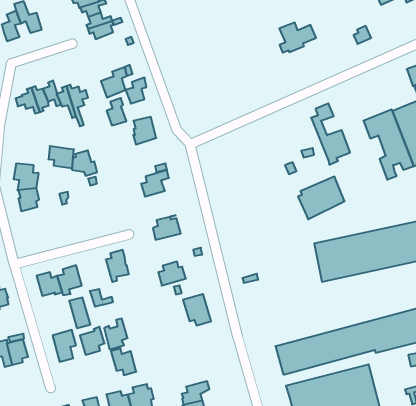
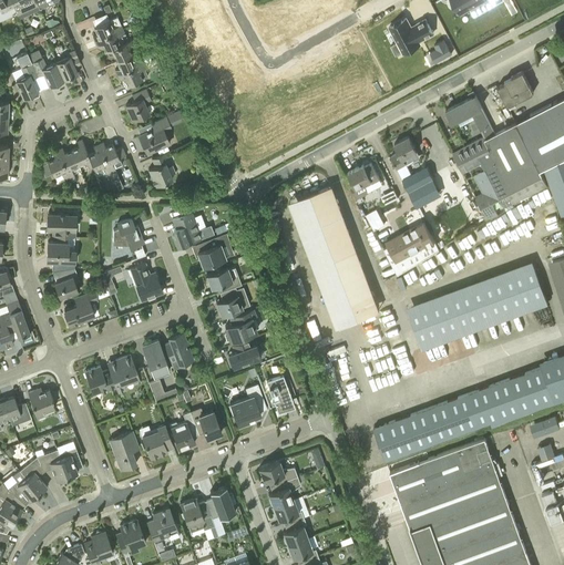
building: none -> [55,51,81,82]
building: [279,23,316,53] -> [389,20,433,56]
building: none -> [447,96,495,140]
building: [125,78,146,104] -> [125,90,150,122]
building: [133,117,156,145] -> [172,214,201,248]
building: none -> [348,164,380,204]
building: none -> [289,186,379,328]
building: [48,146,74,168] -> [47,215,75,238]
building: none -> [130,264,162,301]
building: none -> [205,268,242,294]
building: none -> [64,292,98,327]
building: none -> [224,310,256,342]
building: [69,298,90,328] -> [142,341,170,378]
building: none -> [229,384,267,428]
building: [111,348,136,375] -> [189,409,222,440]
building: none -> [259,462,297,486]

